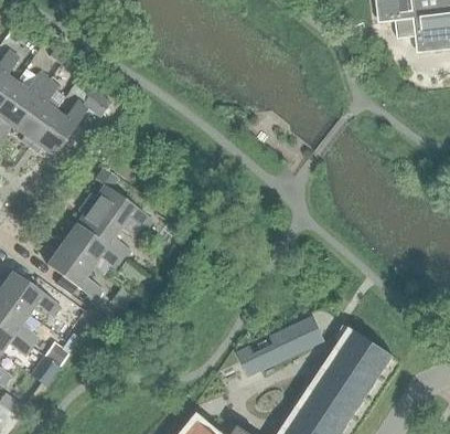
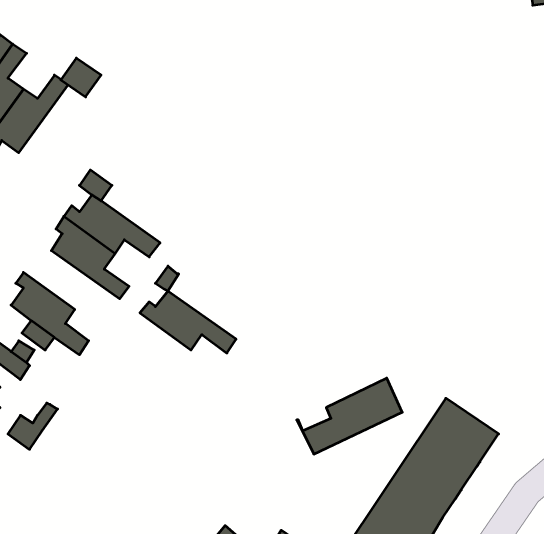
building: [54,224,122,268] -> [140,291,236,353]

